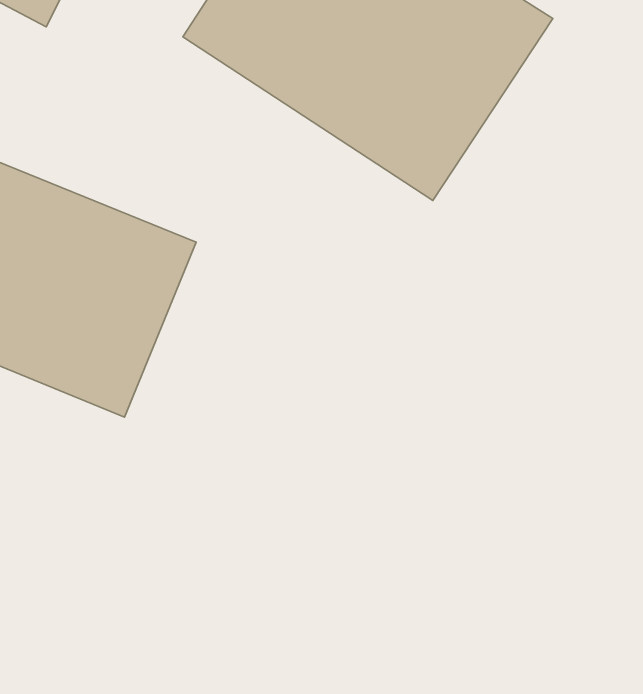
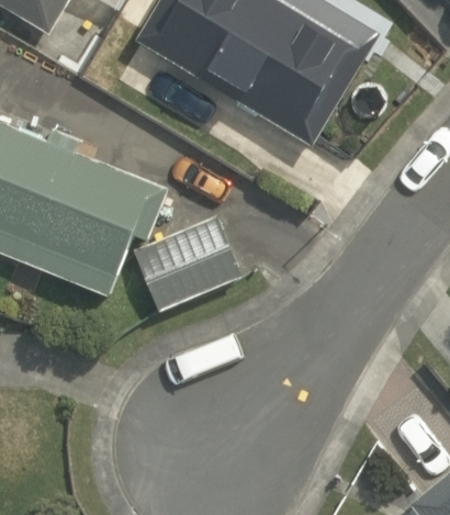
building: none -> [131,213,240,311]

